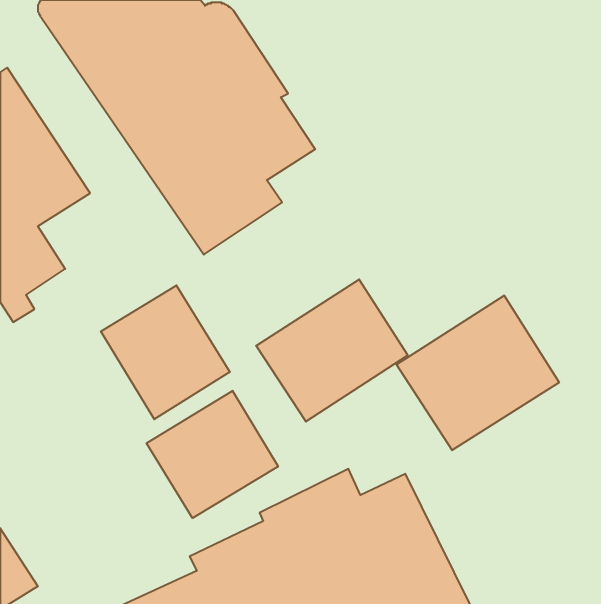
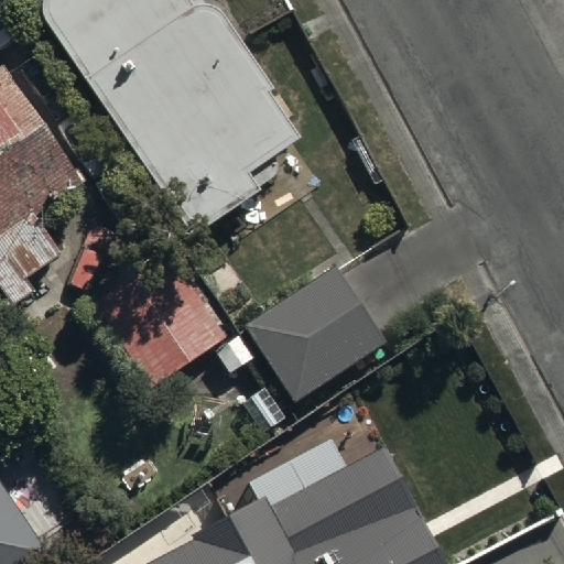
building: [397,295,559,450] -> none
building: [147,391,278,518] -> none

